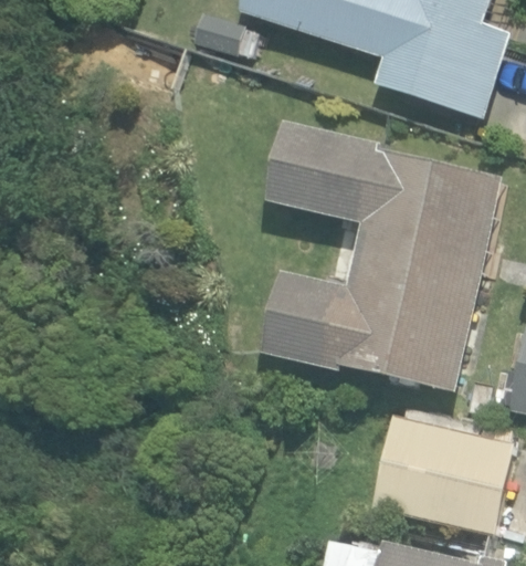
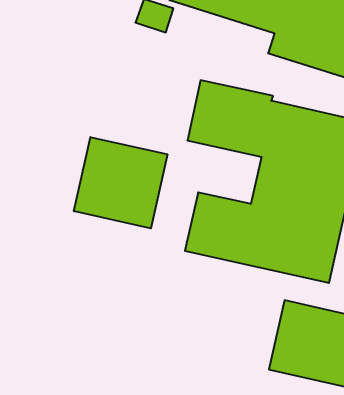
building: none -> [74,137,167,228]

